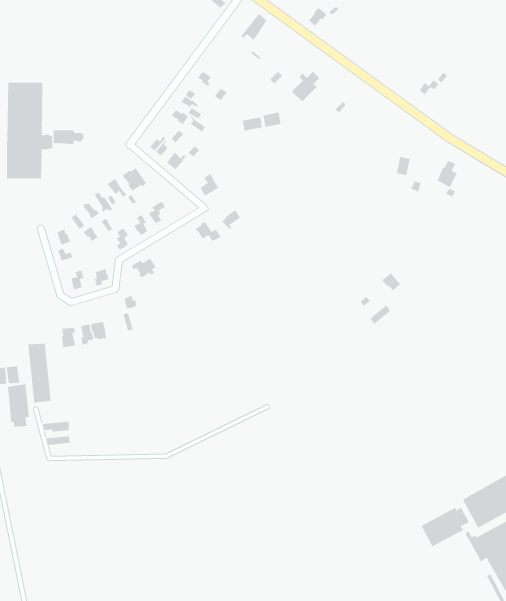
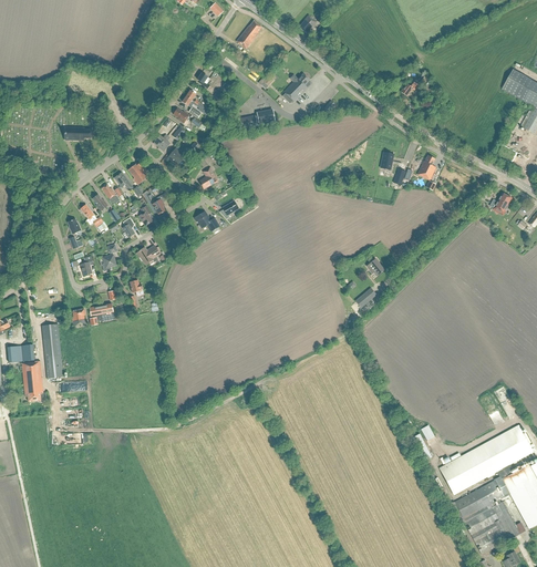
building: [7,82,53,179] -> none
building: [421,507,470,547] -> none

